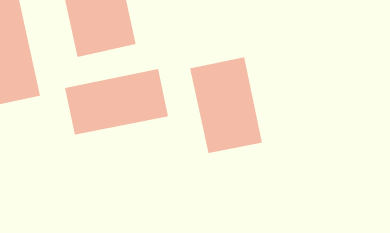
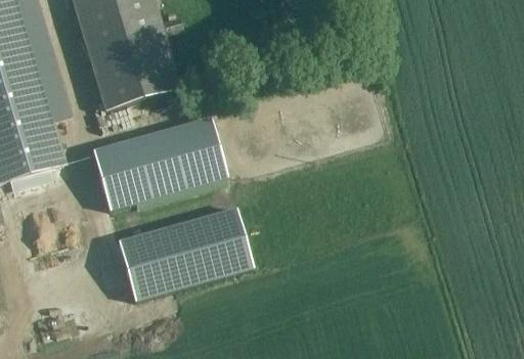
building: [189,56,262,154] -> none
building: none -> [117,208,253,301]

